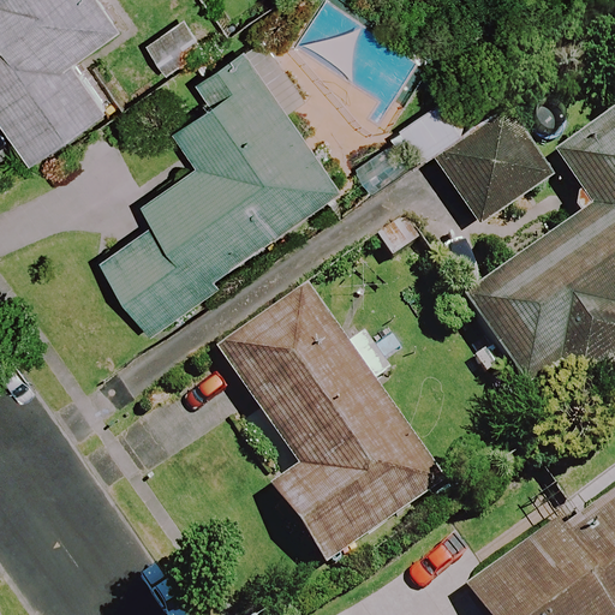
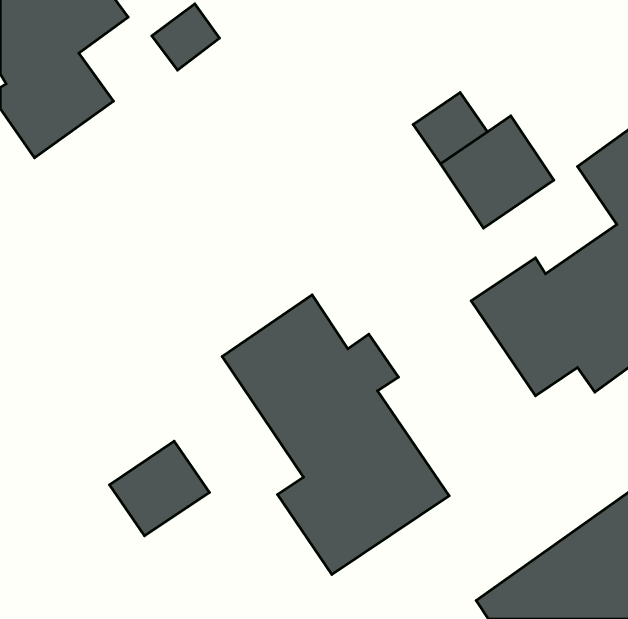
building: [113,68,347,322] -> none
building: none -> [109,441,209,536]

